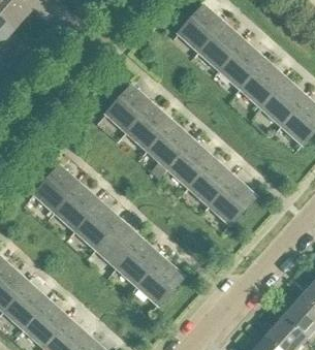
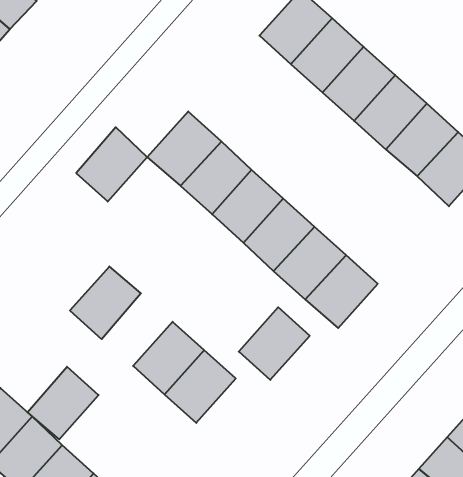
building: [33,164,80,213] -> [76,127,147,202]
building: [74,201,121,249] -> [28,367,99,439]
building: [136,257,183,305] -> [239,307,310,380]

